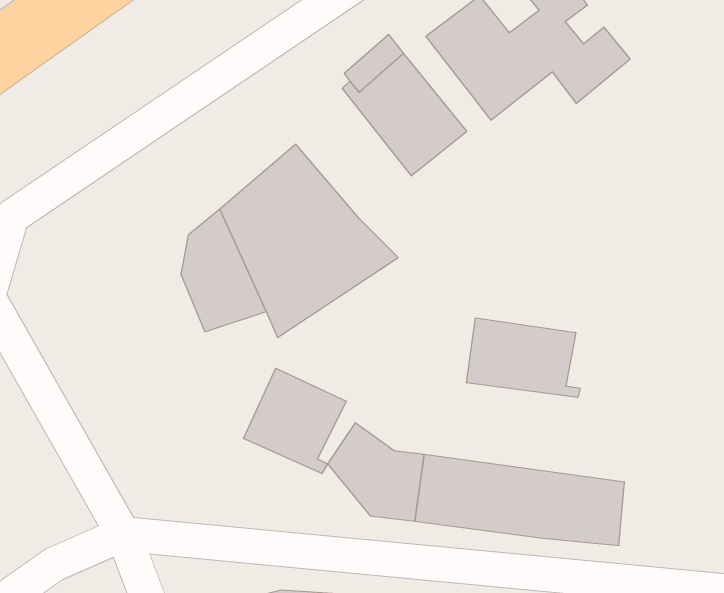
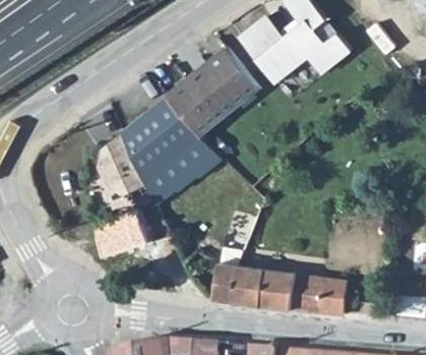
building: none -> [166,65,229,136]
building: [467,318,580,398] -> none
building: [244,368,346,474] -> none

